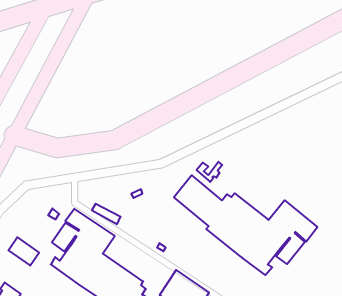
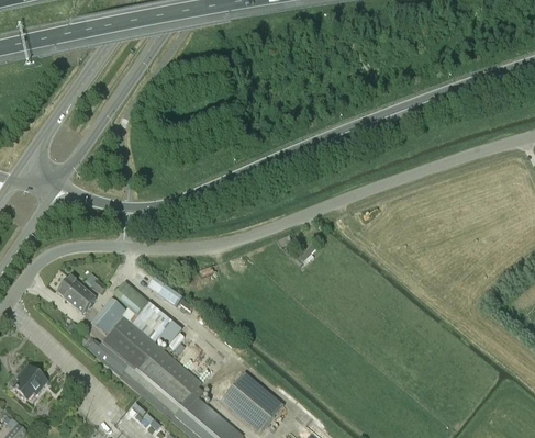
building: [174,175,317,275] -> none
building: [8,237,39,266] -> [57,274,96,312]

